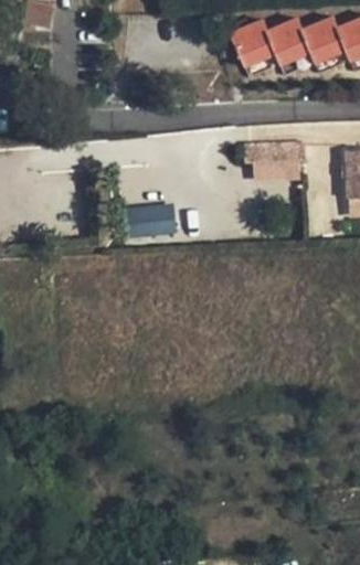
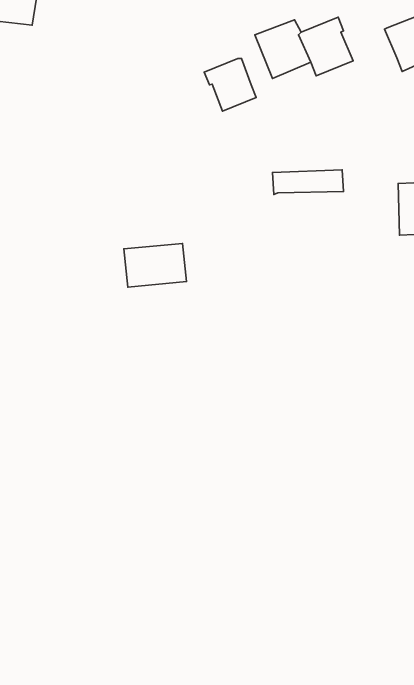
building: [300,18,346,64] -> none
building: none -> [204,59,256,111]

